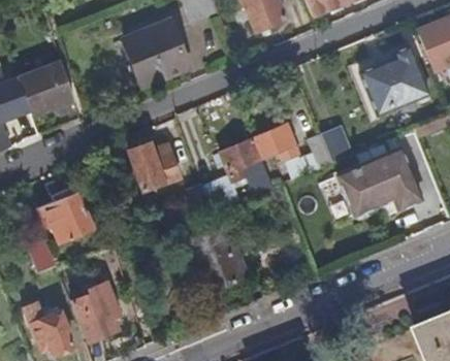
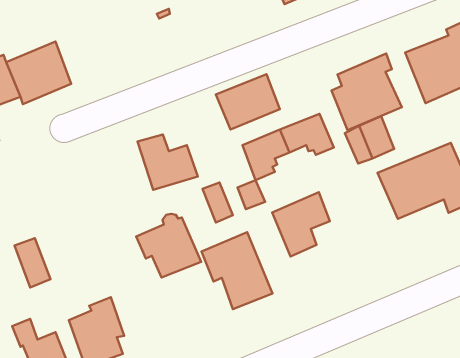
building: [132,37,187,85] -> [216,74,280,130]
building: none -> [332,53,402,130]
building: [37,188,93,242] -> [136,214,201,278]
building: none -> [272,192,330,256]

